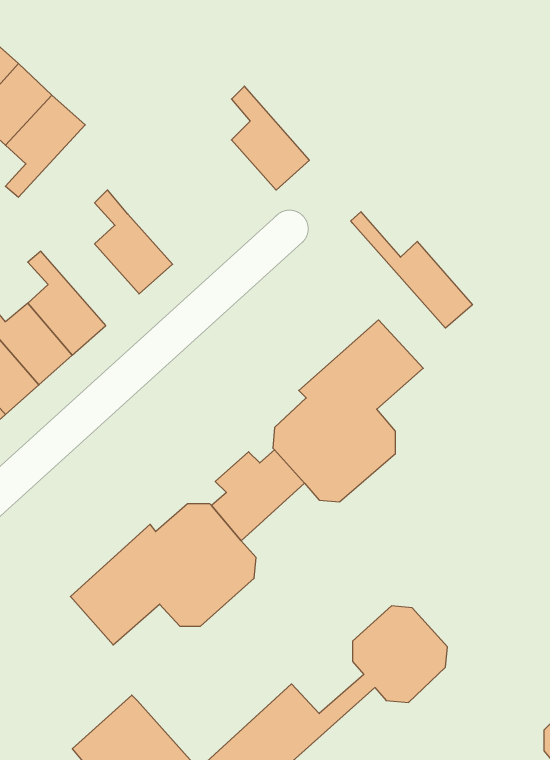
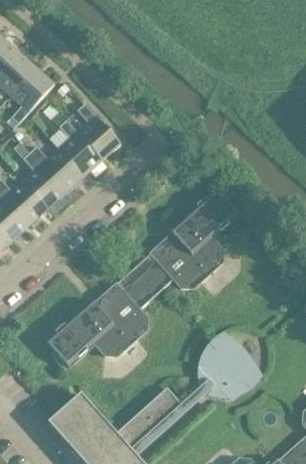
building: [231,86,309,190] -> [76,104,119,160]
building: [351,212,472,328] -> none
building: none -> [29,147,83,193]

